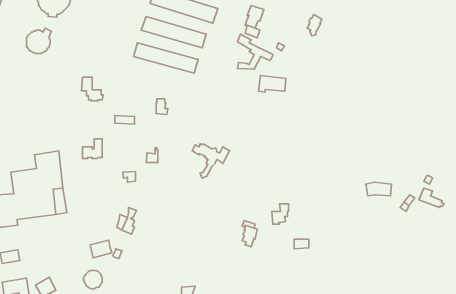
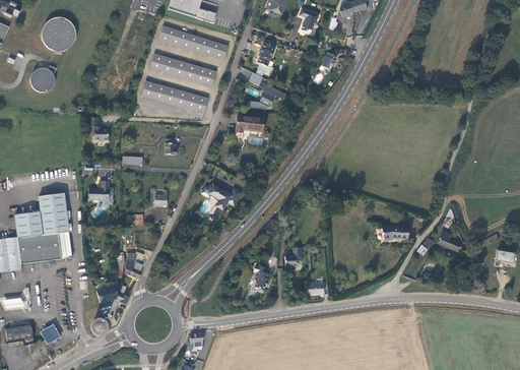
building: [258,76,286,92] -> [236,115,264,132]

